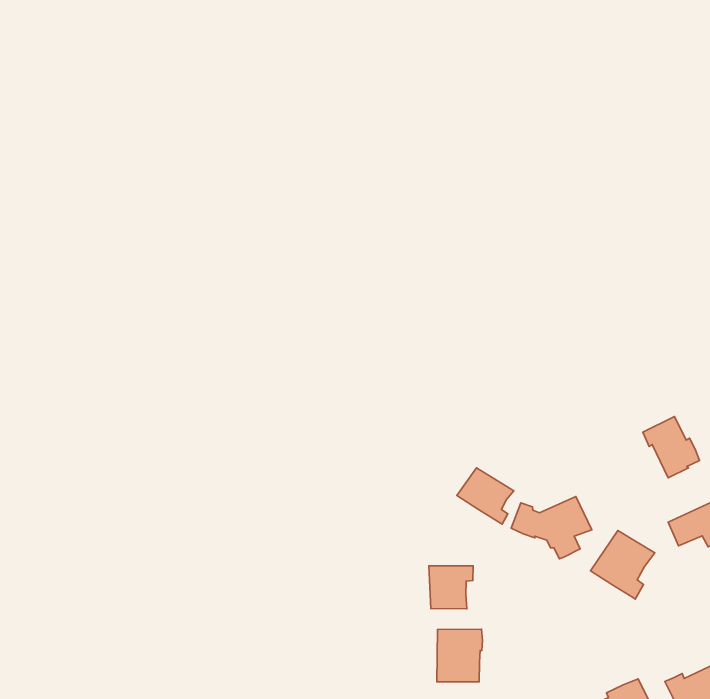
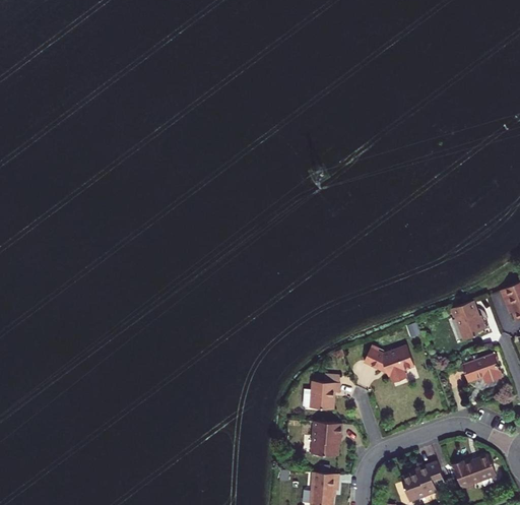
building: [457,468,514,524] -> none
building: [590,531,655,599] -> none

